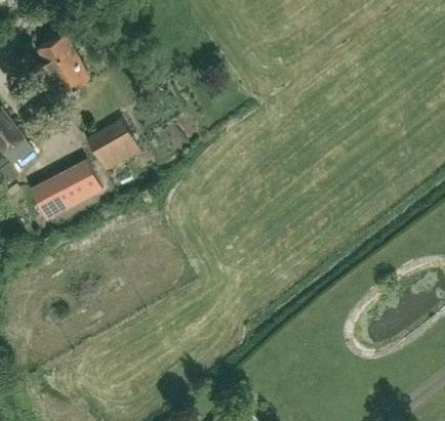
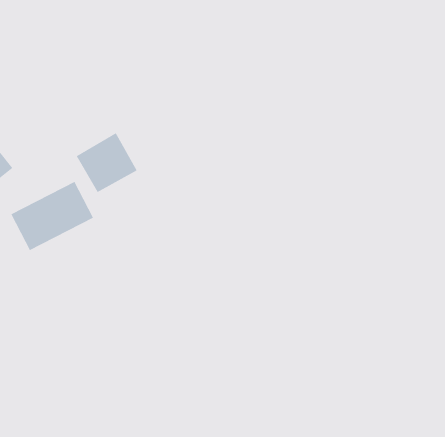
building: [35,33,88,92] -> none

